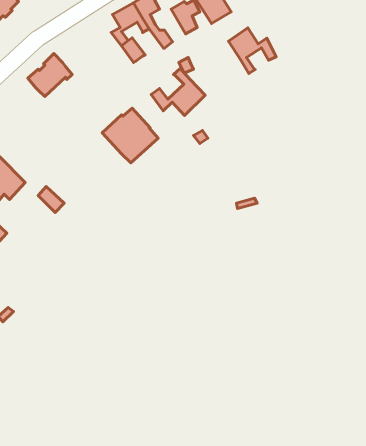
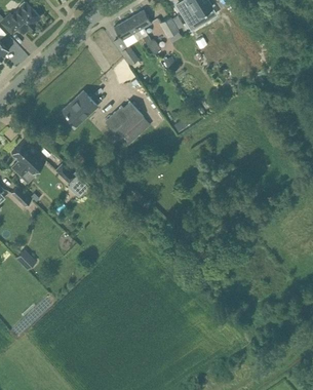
building: [228,28,276,73] -> none
building: [28,54,72,97] -> [62,90,96,124]
building: [151,68,205,116] -> none

